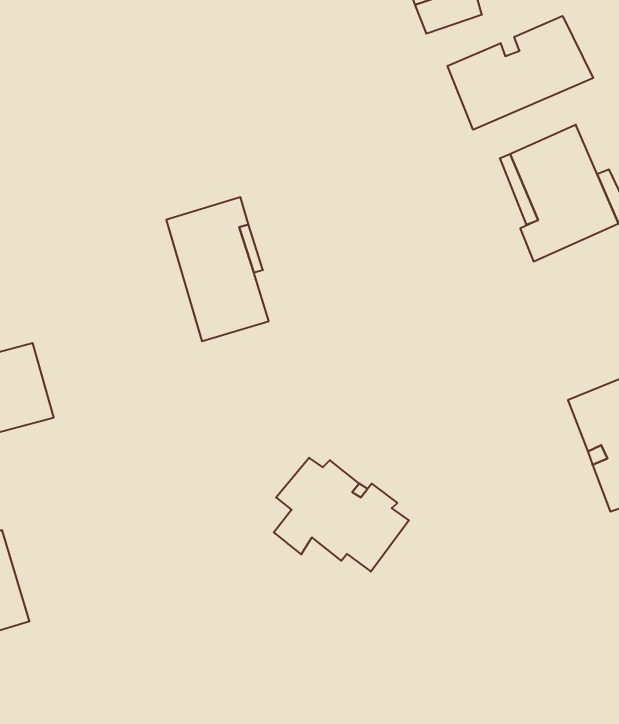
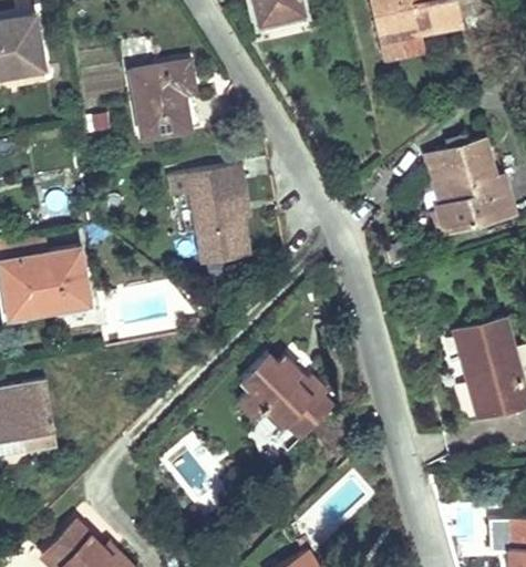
building: [448,16,593,130] -> none
building: none -> [132,62,192,135]

